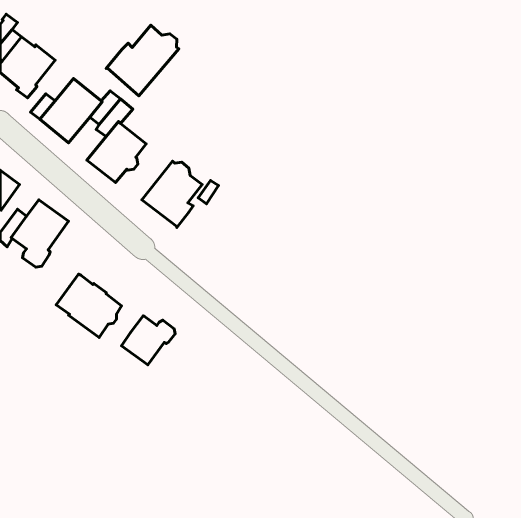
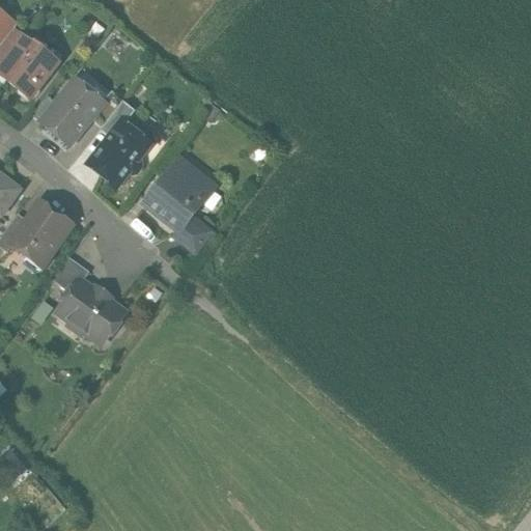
building: [106,25,179,96] -> none
building: none -> [175,216,212,252]
building: none -> [53,256,90,291]
building: [121,316,175,365] -> none

